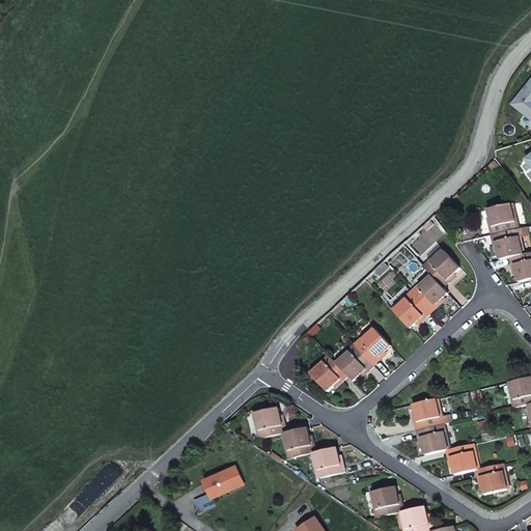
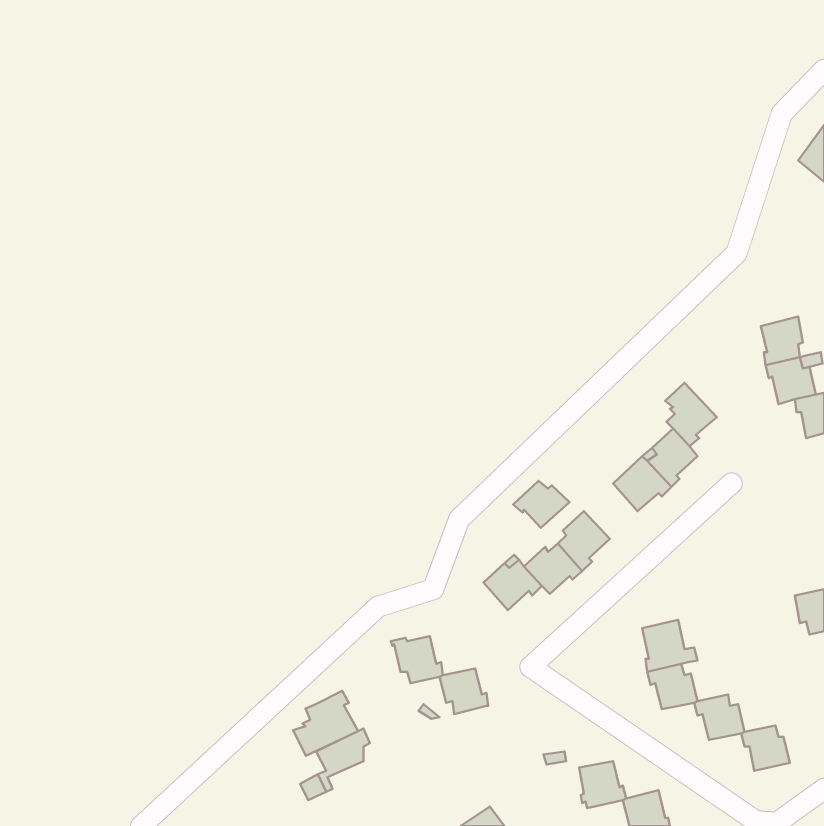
building: none -> [513,481,569,528]
building: none -> [293,691,358,756]
building: [311,446,342,476] -> none

